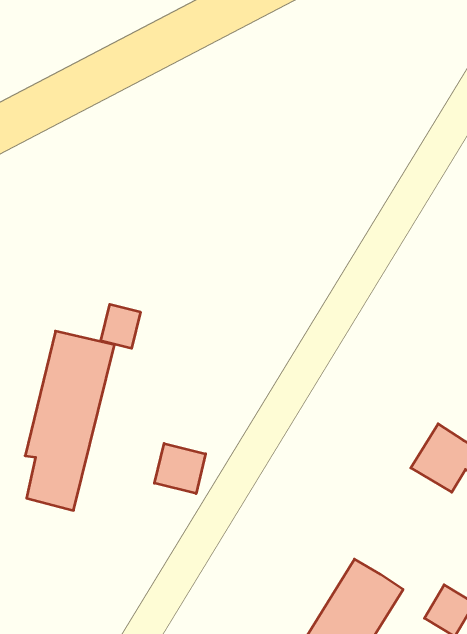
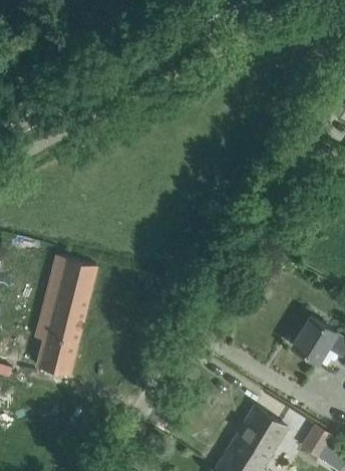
building: [101,304,140,348] -> none
building: [154,443,206,494] -> none

